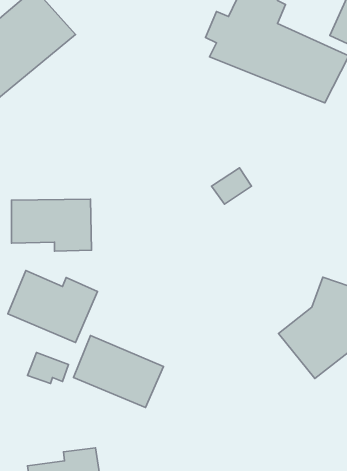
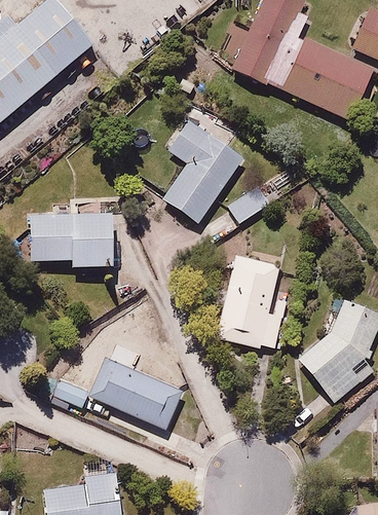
building: none -> [162,118,242,223]
building: none -> [218,247,296,347]
building: [8,270,98,343] -> none

